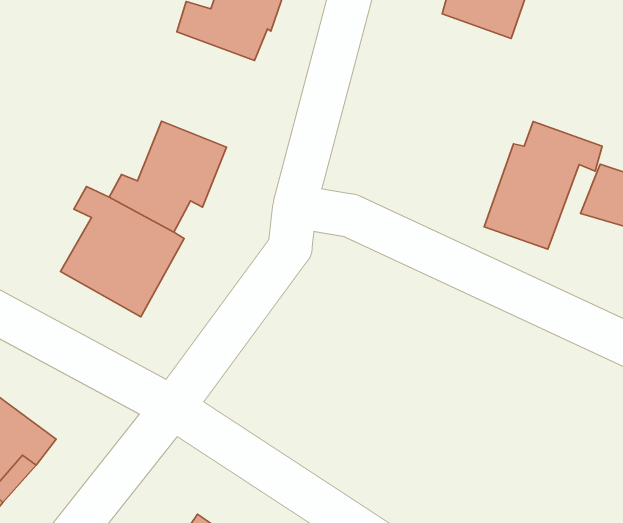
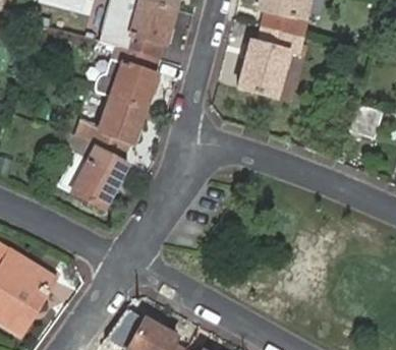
building: none -> [108,47,158,110]
building: [484,122,602,249] -> [238,26,301,98]

